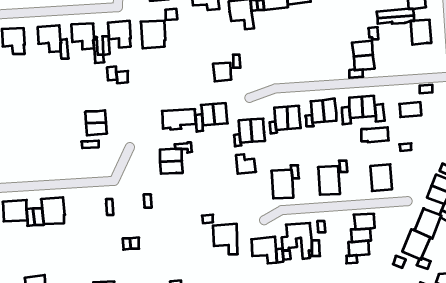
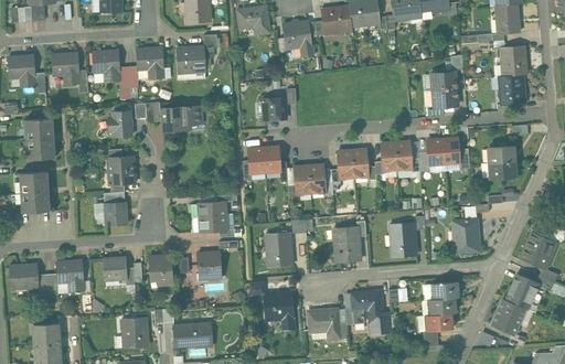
building: none -> [499,74,523,104]
building: none -> [108,110,132,137]
building: none -> [24,118,55,159]
building: [162,109,196,129] -> [162,106,203,130]
building: none -> [19,171,50,213]
building: [361,127,389,142] -> [482,161,515,179]
building: none -> [105,202,127,225]
building: none -> [265,232,292,267]
building: none -> [196,251,222,279]
building: none -> [149,255,172,285]
building: none -> [103,258,127,280]
building: none -> [121,318,148,347]
building: none -> [33,323,60,357]
building: none -> [173,323,212,347]

